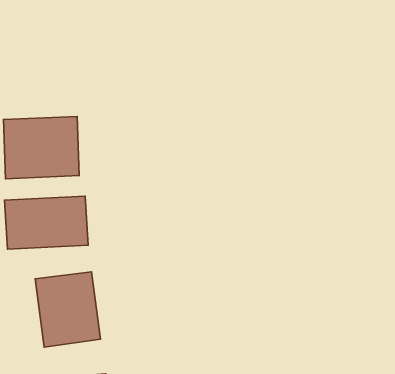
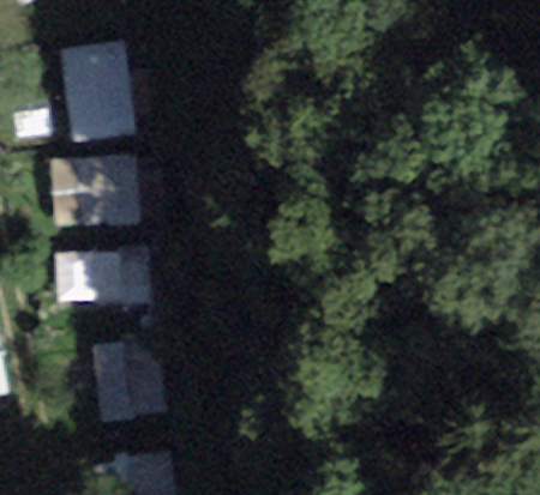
building: none -> [62,44,137,141]

